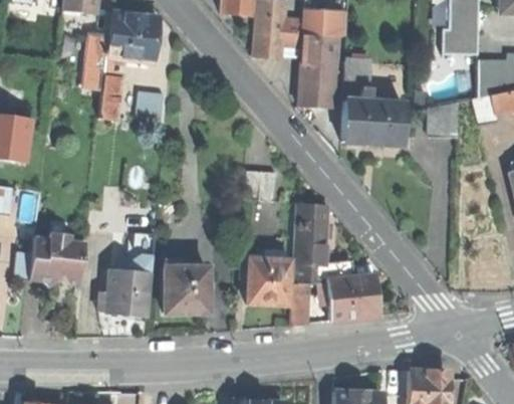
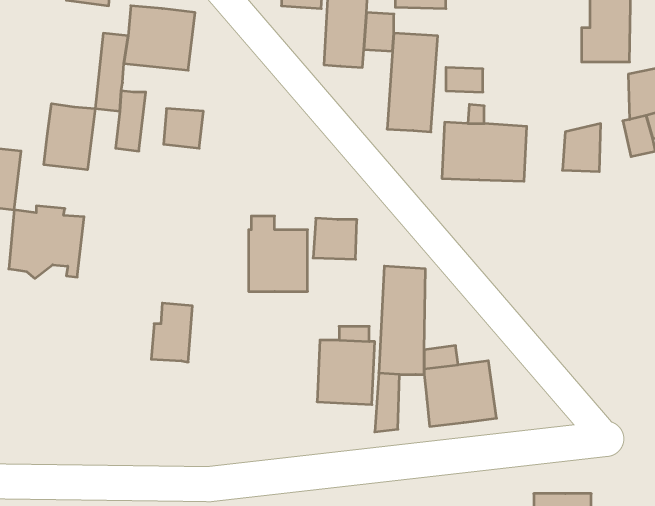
building: none -> [44,104,95,170]
building: [30,235,85,288] -> [9,206,84,278]
building: [166,257,209,313] -> [249,216,308,291]
building: [107,270,149,317] -> none

